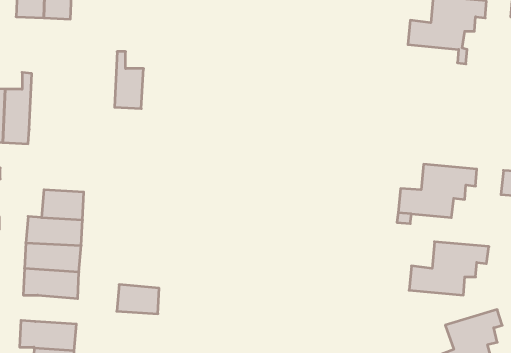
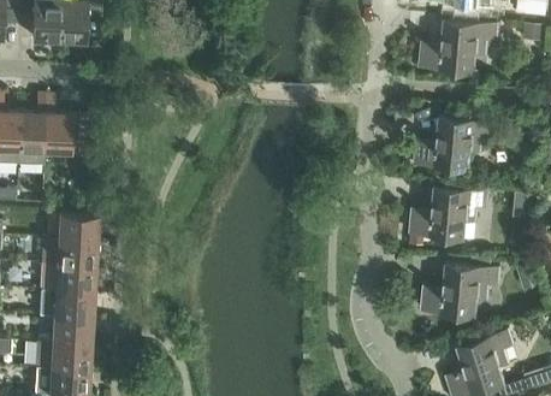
building: [115,52,144,109] -> [43,97,72,154]
building: none -> [415,118,493,171]
building: [117,285,159,314] -> [49,318,91,347]

